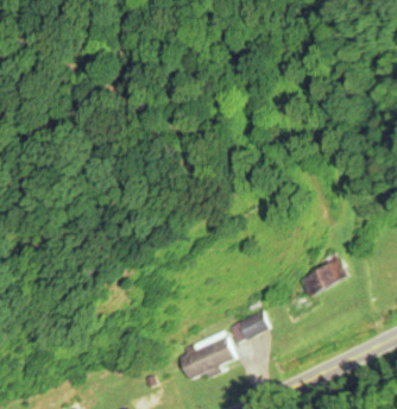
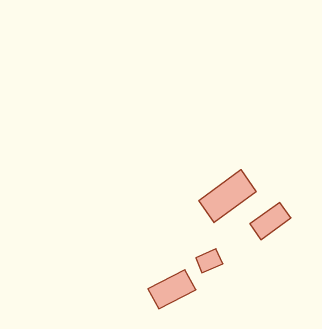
building: none -> [199,170,256,223]

